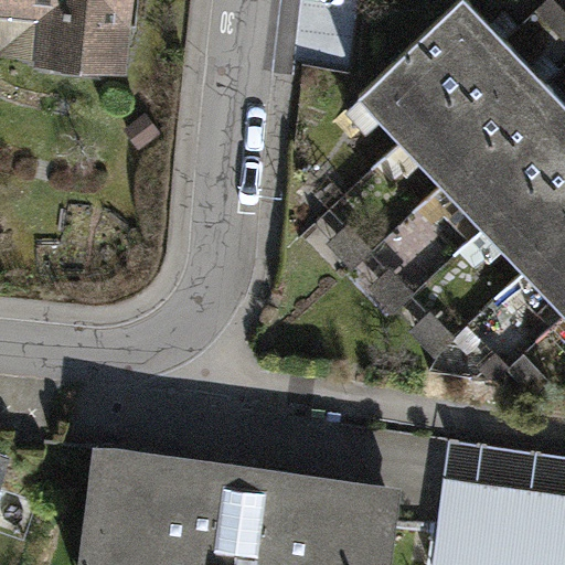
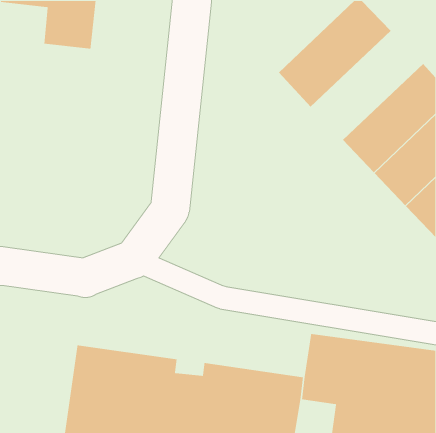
building: [402,43,547,184] -> none

